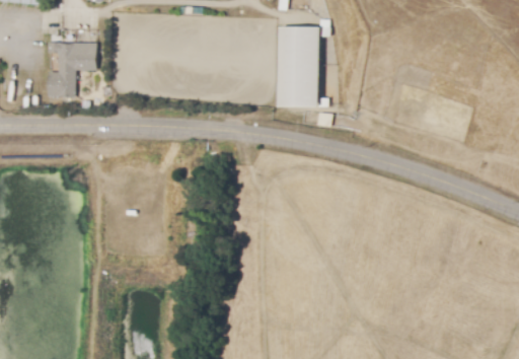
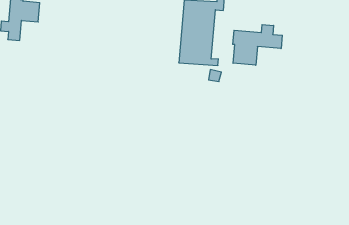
building: none -> [233,25,282,65]

